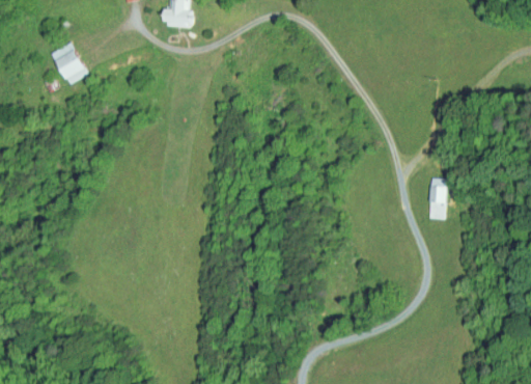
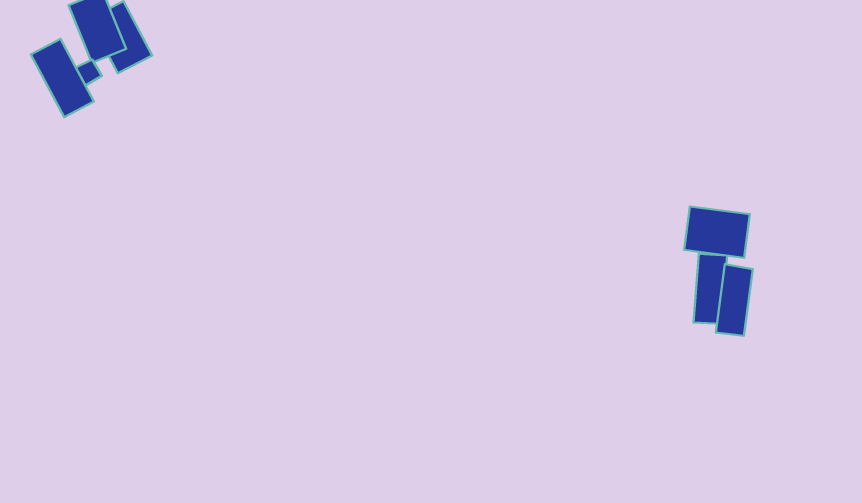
building: none -> [31,39,94,117]
building: none -> [684,206,750,258]

